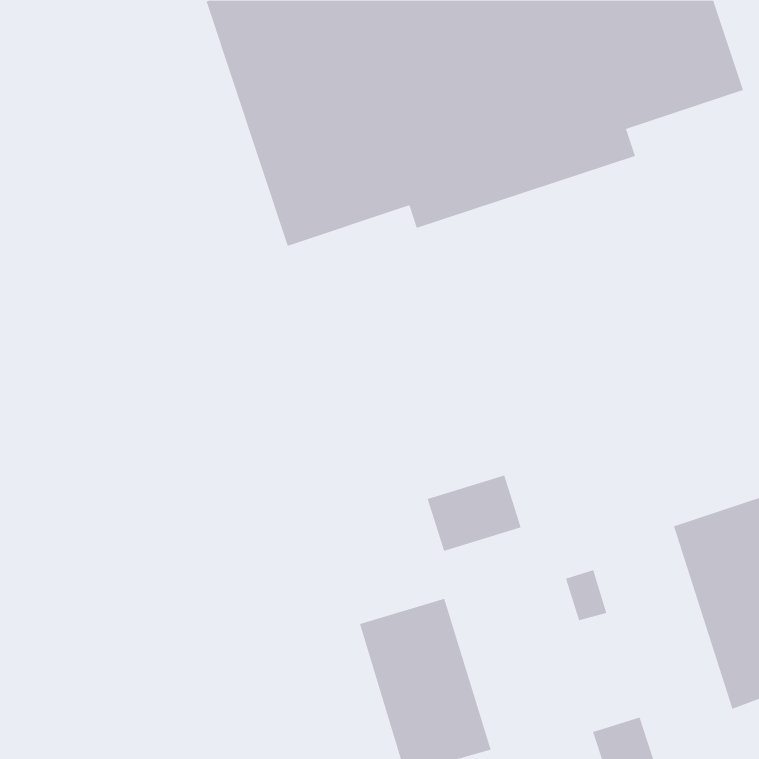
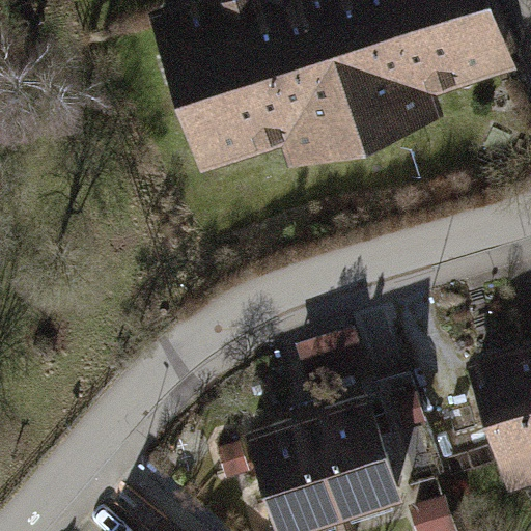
building: none -> [313,400,404,524]

